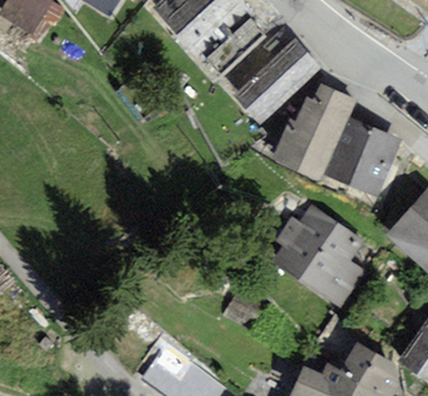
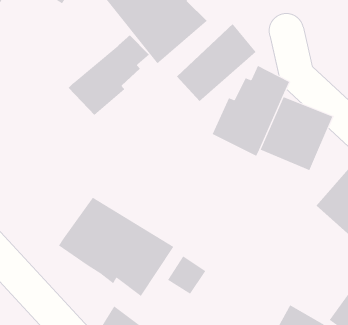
building: none -> [68,35,150,116]
building: [262,203,367,311] -> none
building: none -> [58,197,174,297]

